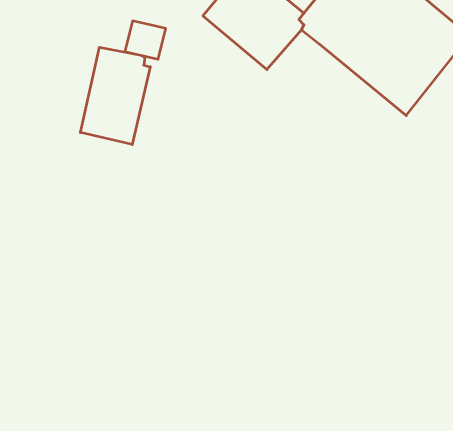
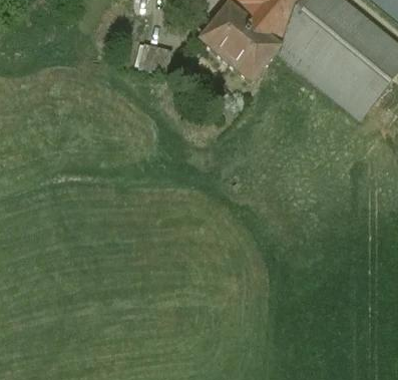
building: [80,47,150,145] -> none

